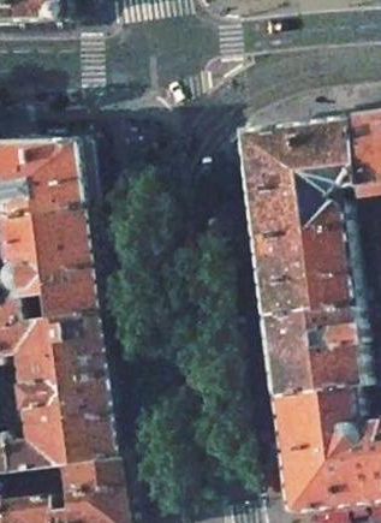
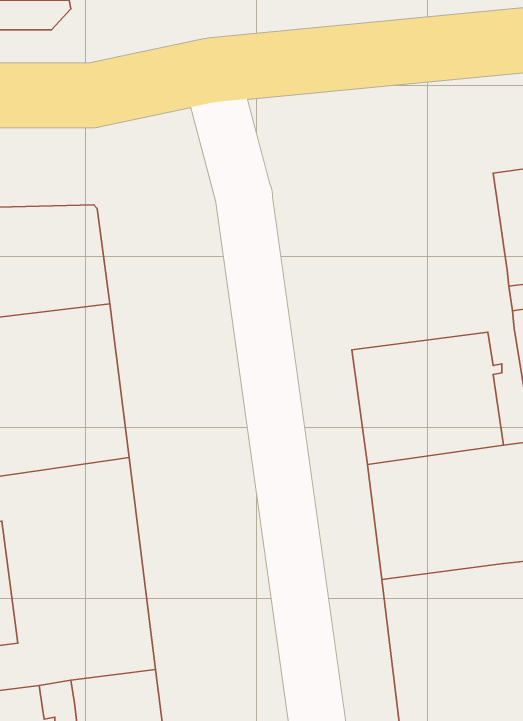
building: [239,119,358,239] -> none

